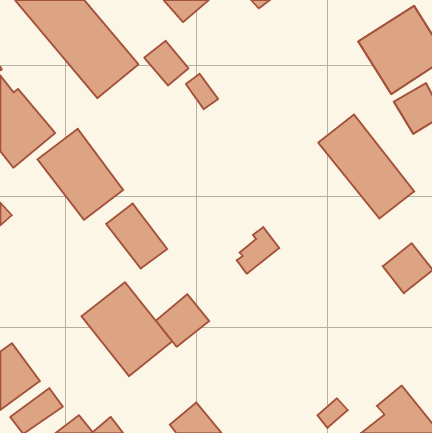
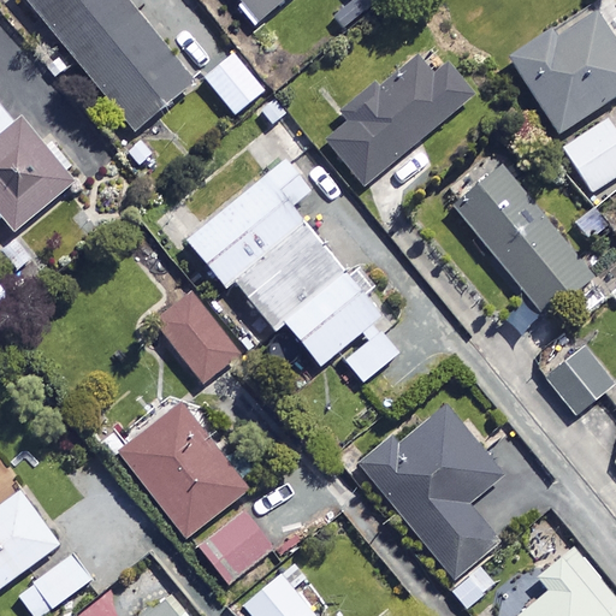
building: none -> [326,55,472,184]
building: none -> [186,158,378,359]
building: [37,129,123,220] -> none
building: none -> [361,405,500,578]
building: [156,294,209,347] -> [199,507,274,581]

